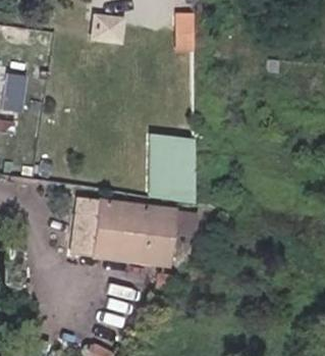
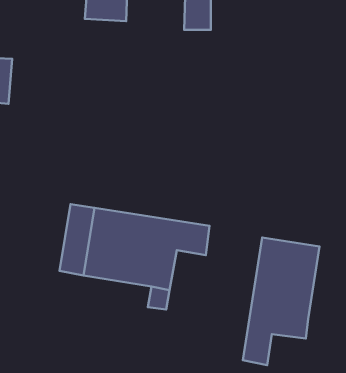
building: [151,135,200,200] -> none
building: none -> [243,238,320,365]

